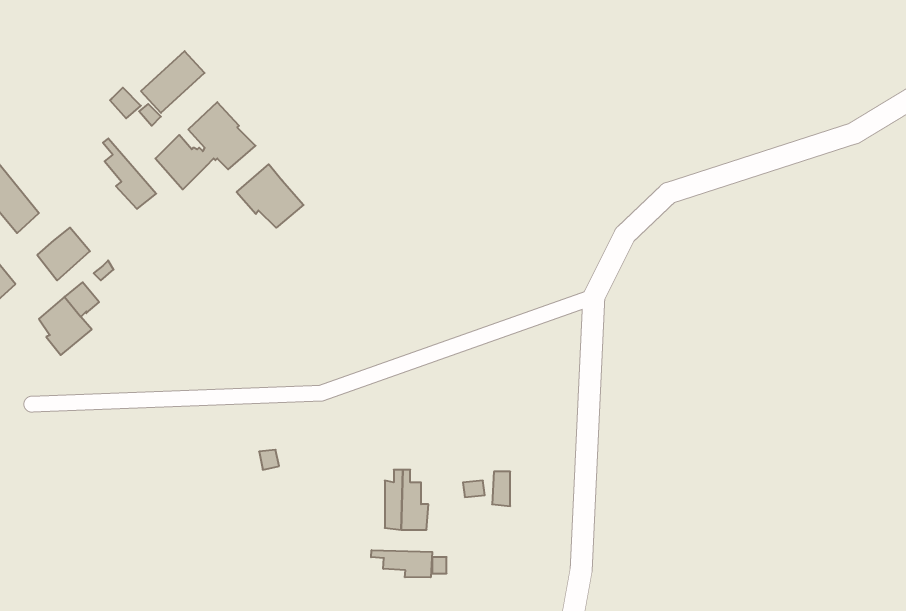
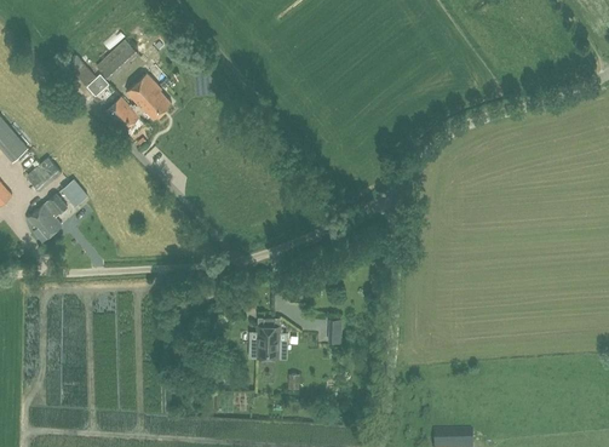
building: [103,138,156,209] -> none
building: [237,164,304,228] -> none
building: [371,550,432,577] -> none

